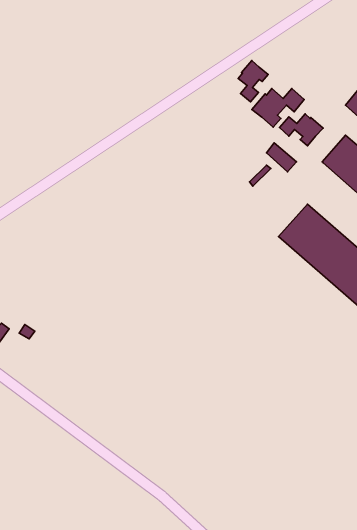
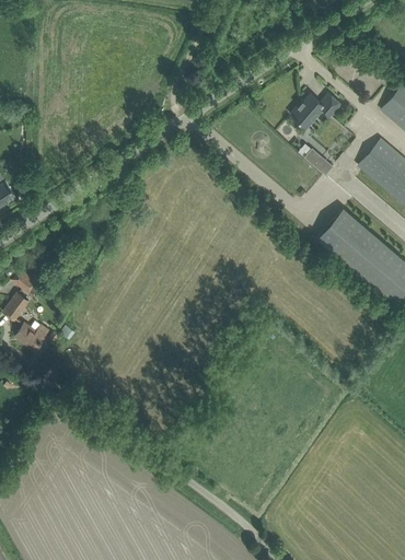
building: [238,60,268,102] -> none
building: [280,114,323,146] -> none

